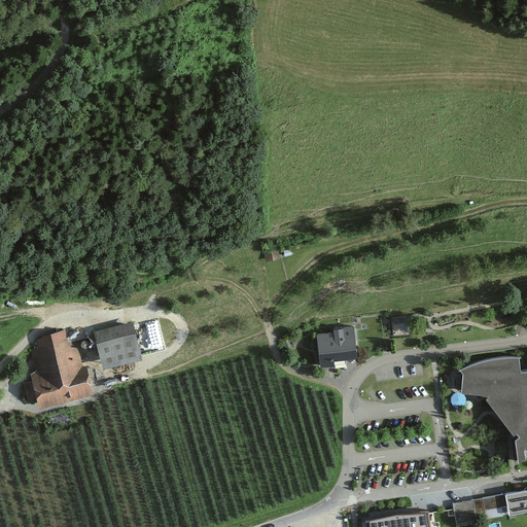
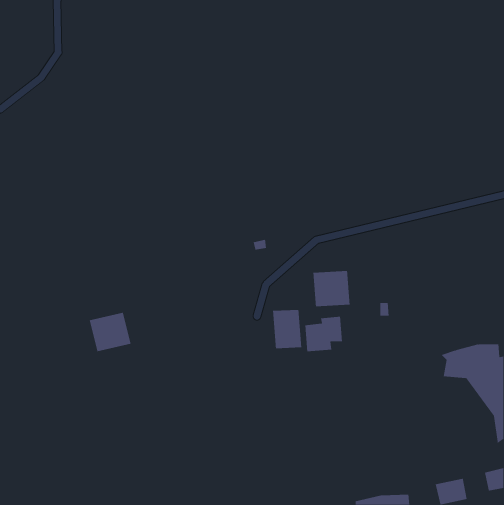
building: none -> [313,270,350,307]
building: none -> [273,309,302,349]
building: [29,329,94,406] -> none

